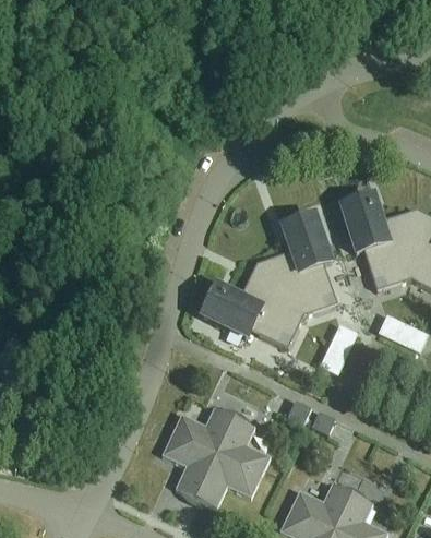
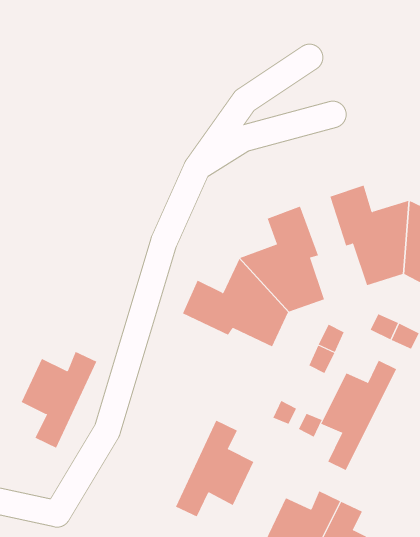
building: none -> [320,360,397,471]
building: [163,406,235,498] -> [21,351,97,448]

